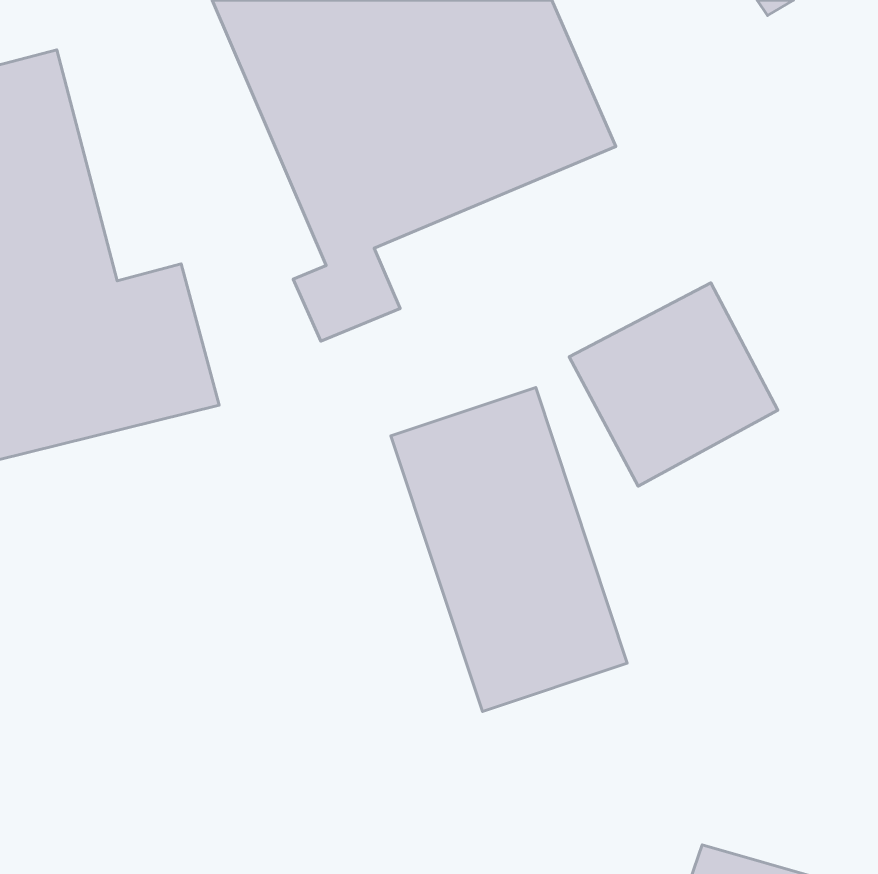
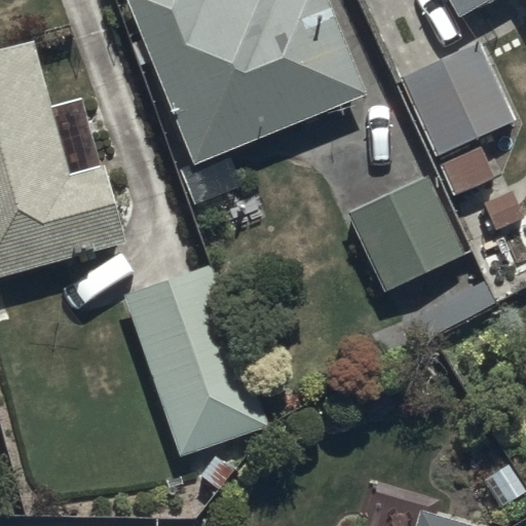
building: none -> [400,40,516,195]
building: [391,387,627,712] -> [123,265,264,458]

